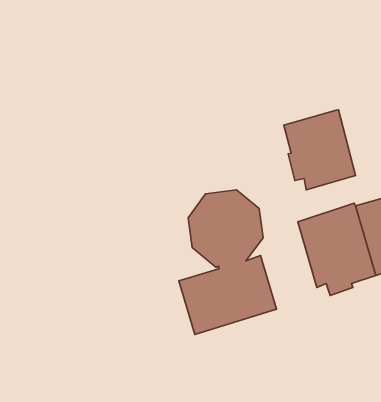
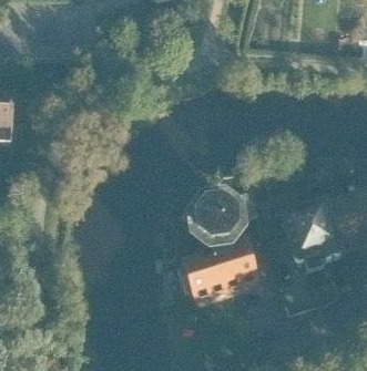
building: [284,110,356,190] -> none

